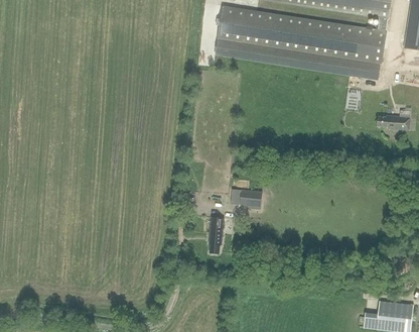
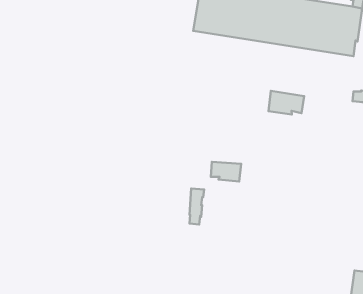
building: none -> [268,91,304,114]

